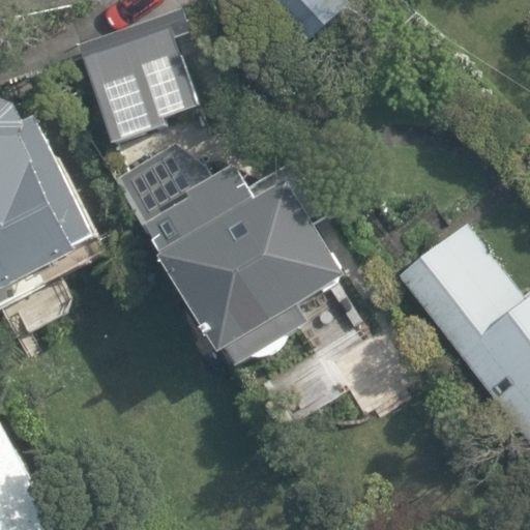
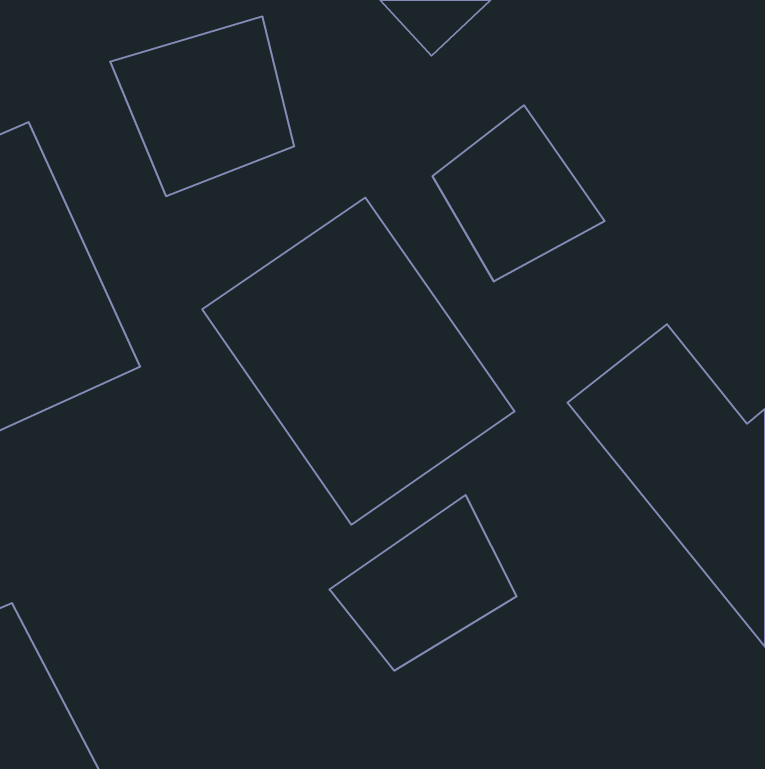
building: none -> [433,105,605,282]
building: none -> [329,495,517,671]

